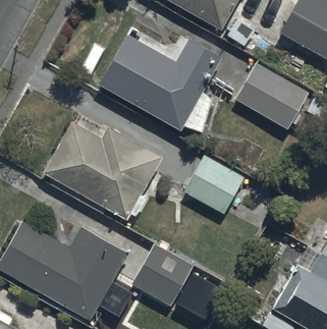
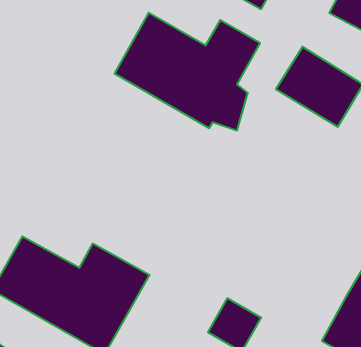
building: [44,122,161,218] -> none
building: [183,154,246,215] -> none
building: [133,243,194,305] -> none

